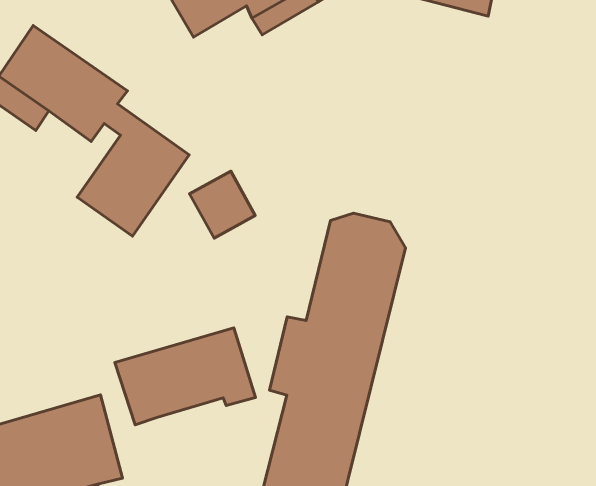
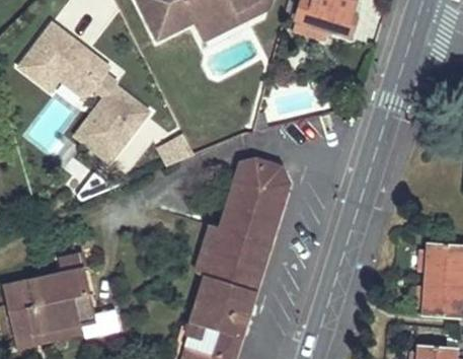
building: [115,328,256,425] -> none

